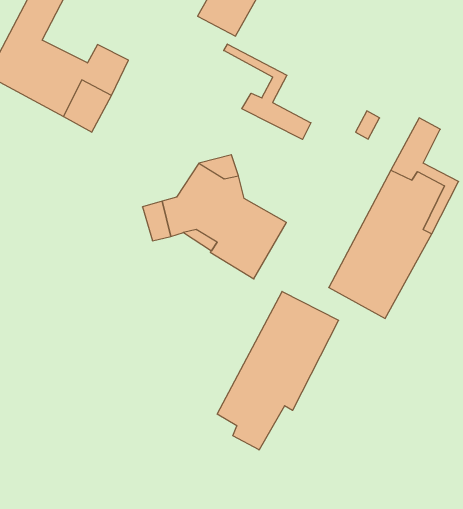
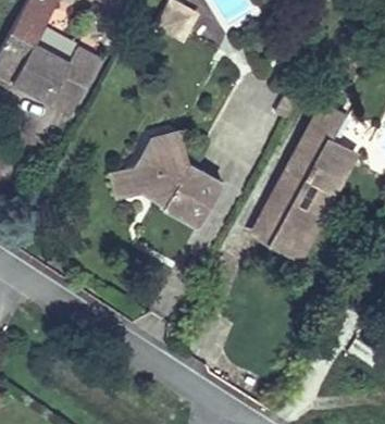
building: [224,44,311,139] -> none
building: [217,291,339,450] -> none

